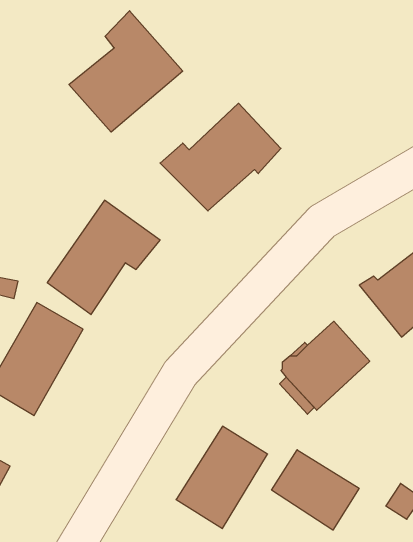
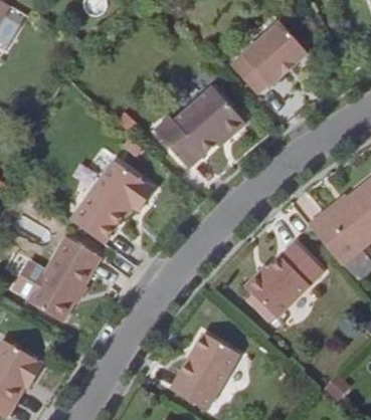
building: [69,11,183,132] -> none
building: none -> [232,22,307,93]
building: [272,450,359,530] -> none

